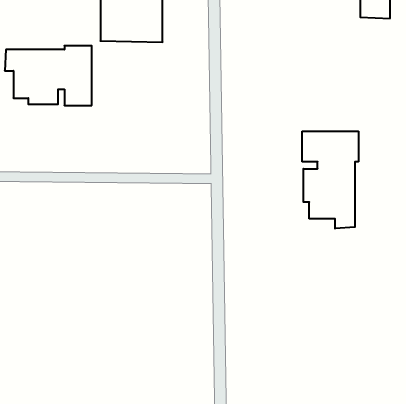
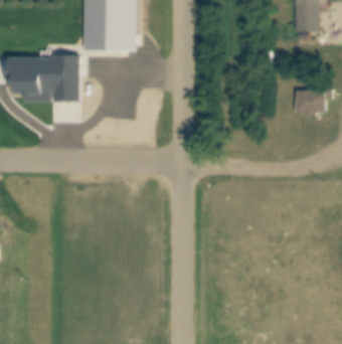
building: none -> [296,91,324,117]
building: [302,131,358,229] -> none

